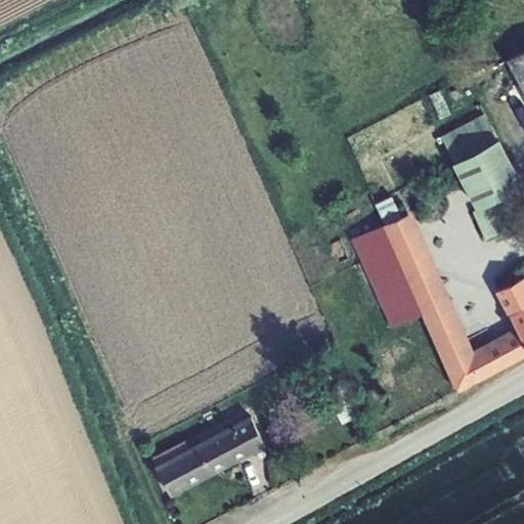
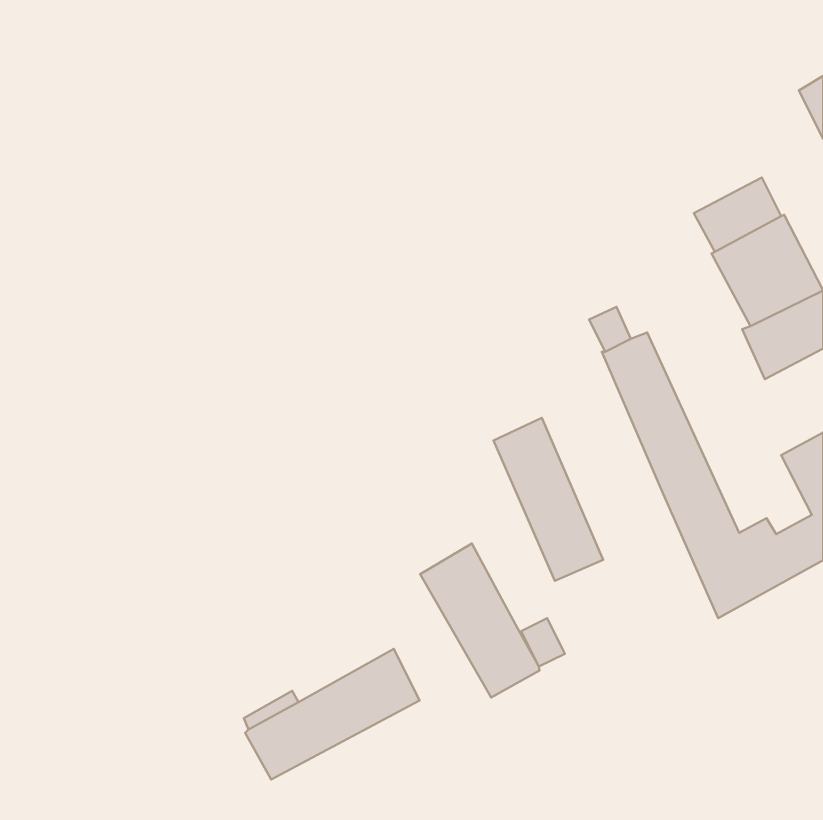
building: [351,226,421,330] -> [494,418,603,581]
building: none -> [420,544,540,697]

